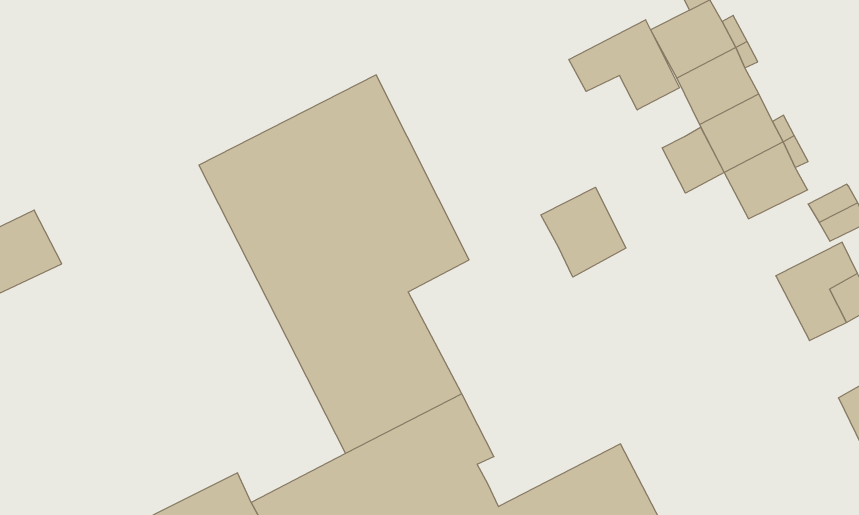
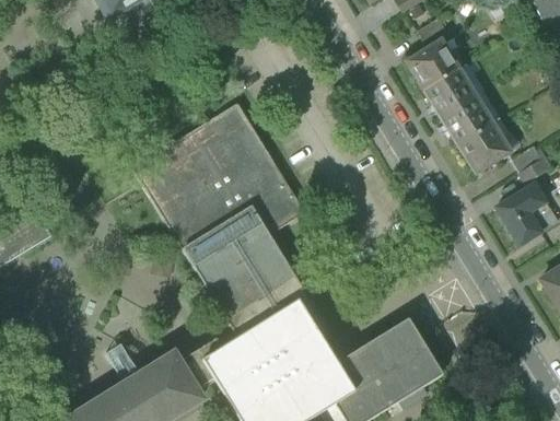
building: [569,20,679,110] -> none
building: [662,127,724,193] -> none
building: [541,187,626,277] -> none

